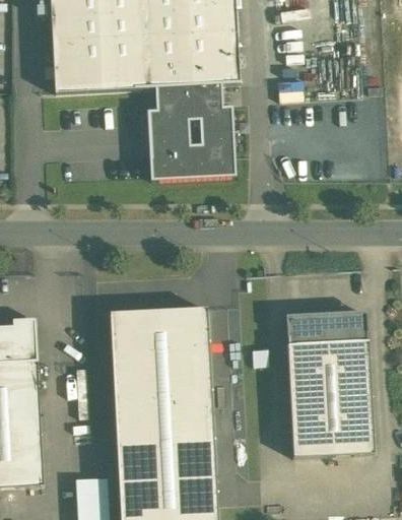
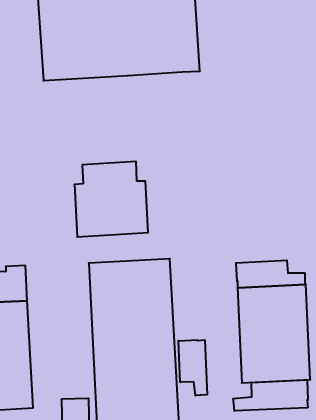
building: [147,87,234,177] -> [74,161,148,237]
building: none -> [178,340,207,396]
building: none -> [233,380,308,411]

